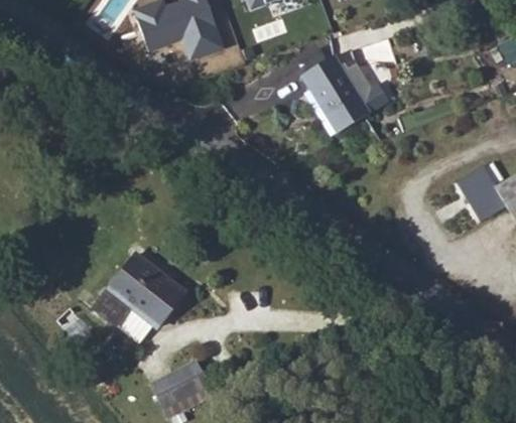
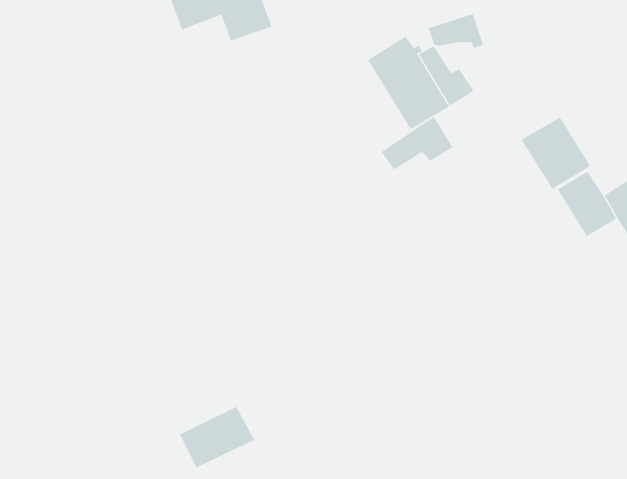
building: none -> [381,116,454,171]
building: none -> [520,116,591,190]
building: [94,249,189,326] -> none

